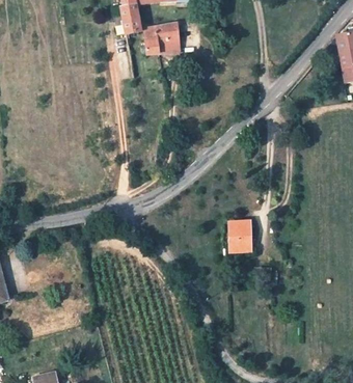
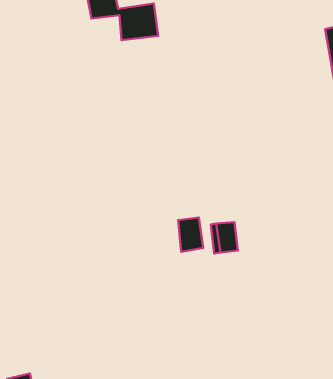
building: none -> [178,217,203,252]

